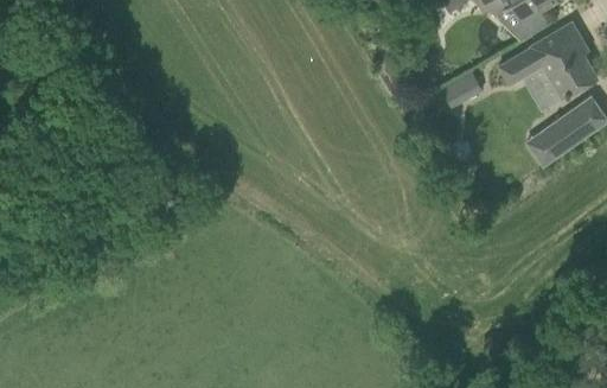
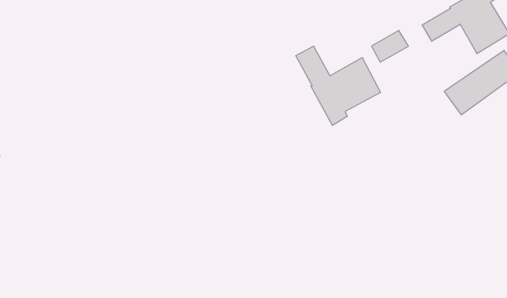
building: none -> [296,46,381,125]

